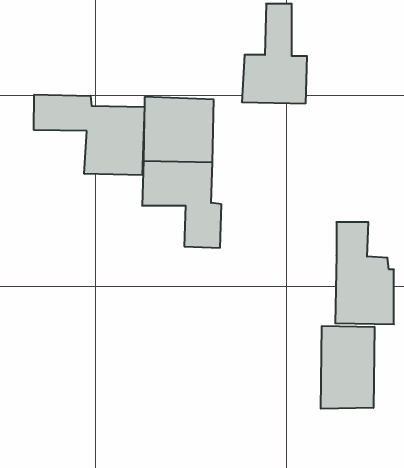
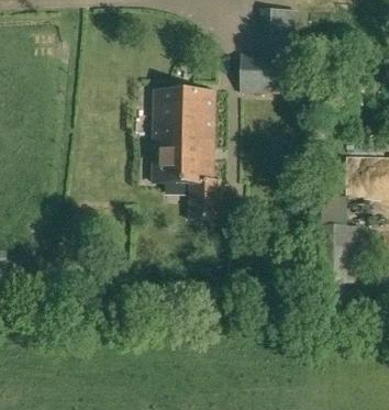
building: [34,95,144,175] -> none
building: [321,326,374,409] -> none

